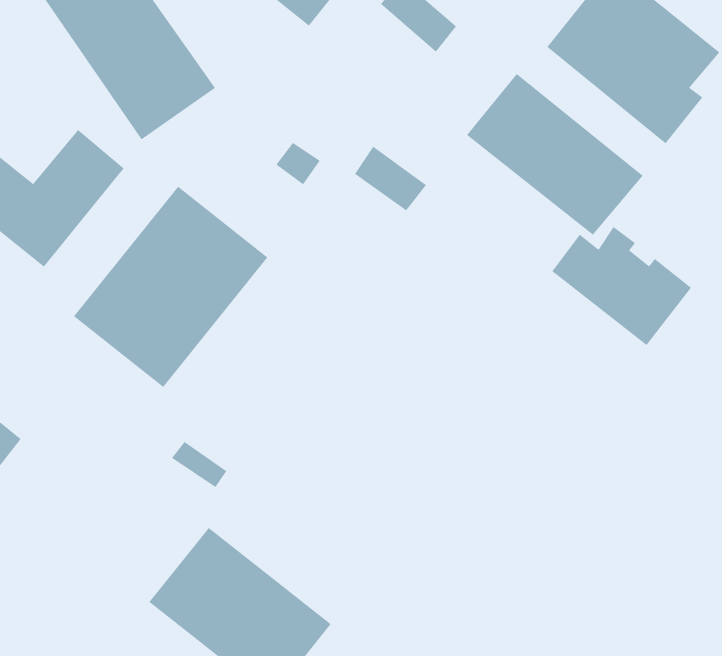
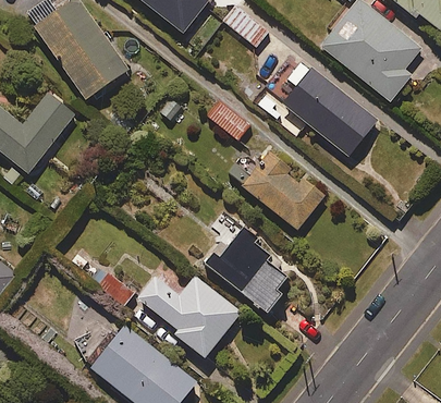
building: [73,186,268,388] -> none
building: [552,226,692,346] -> [242,159,323,229]
building: none -> [205,215,286,315]
building: none -> [137,273,240,357]

